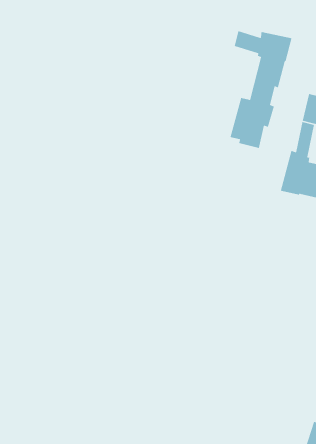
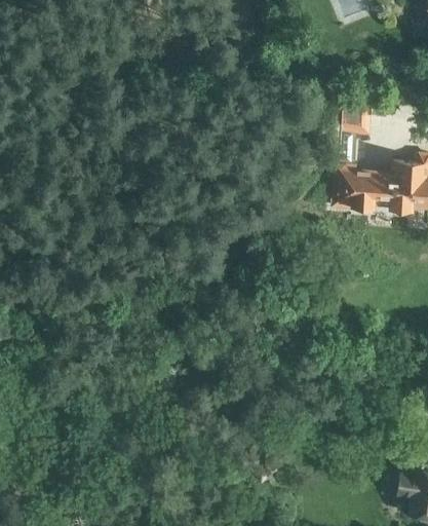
building: [229,30,292,149] -> none

